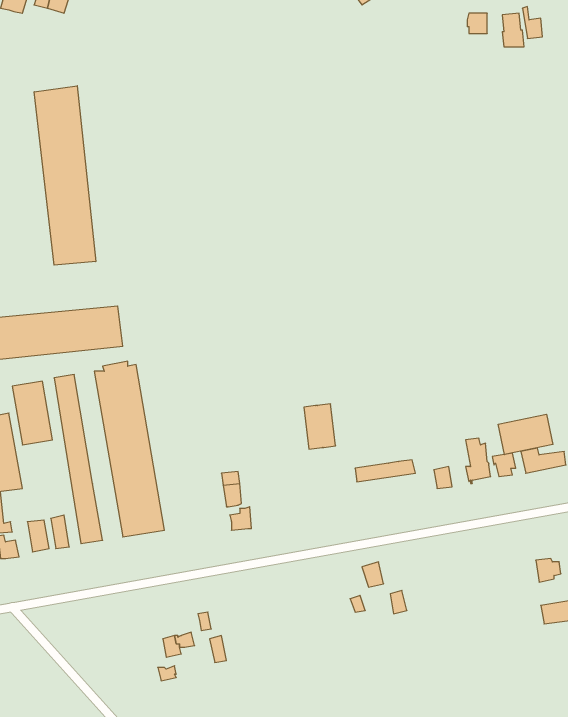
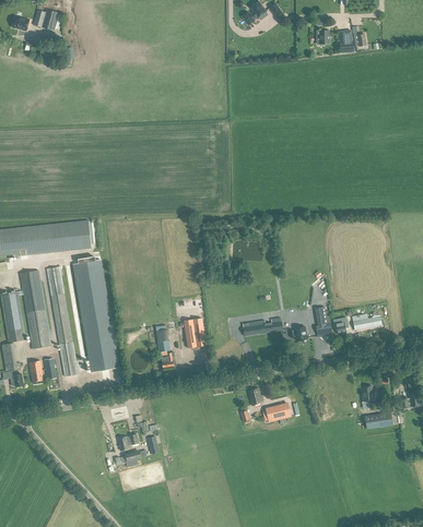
building: [34,86,96,265] -> none
building: [304,404,336,449] -> [184,318,204,347]
building: [498,414,553,455] -> none
building: none -> [25,308,50,348]

